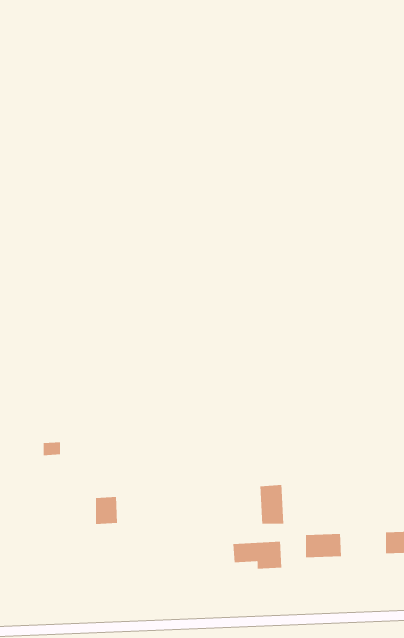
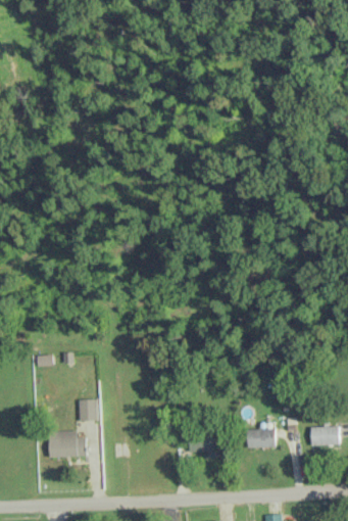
building: [260,484,284,525] -> none
building: none -> [47,431,85,458]

